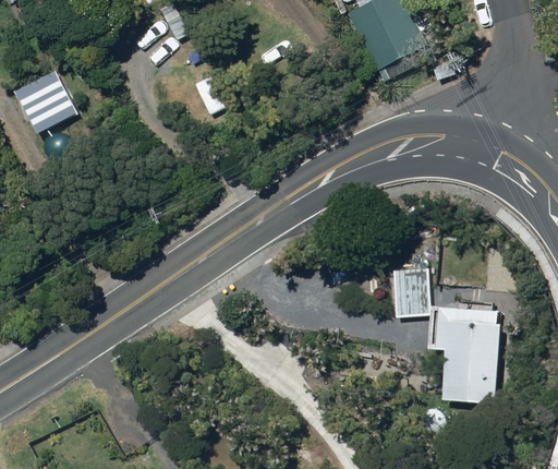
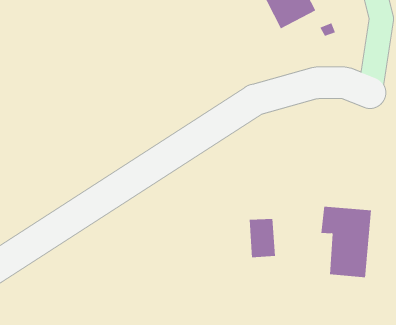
building: [9,72,70,133] -> none
building: [393,265,429,317] -> [249,219,276,258]

